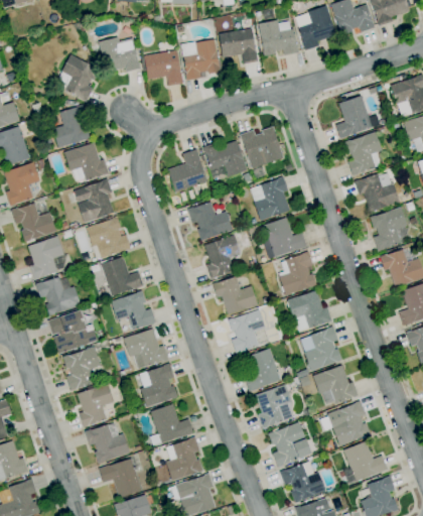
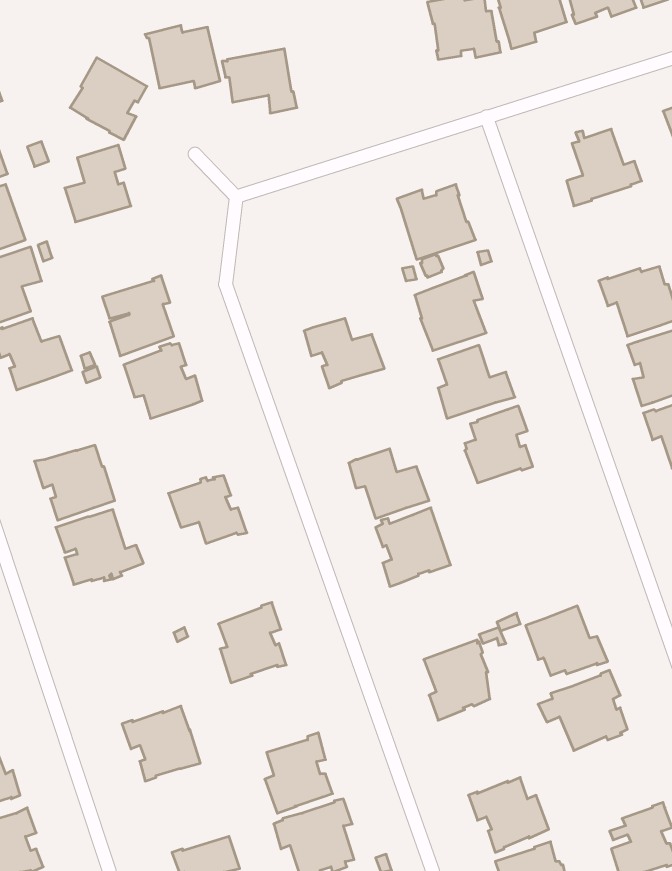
building: [219,28,258,64] -> none
building: [180,39,220,81] -> none
building: [342,132,382,176] -> none
building: [202,141,246,179] -> none
building: [63,142,109,181] -> none
building: [167,149,206,192] -> none
building: [204,235,240,279] -> none
building: [27,236,70,280] -> none
building: [101,257,143,296] -> none
building: [286,290,332,329] -> none
building: [300,327,341,371] -> none
building: [123,329,168,370] -> none
building: [62,347,101,391] -> none
building: [244,349,280,392] -> none
building: [77,384,113,428] -> none
building: [149,404,193,446] -> none
building: [267,422,311,468] -> none
building: [342,441,388,485] -> none
building: [99,459,141,498] -> none

